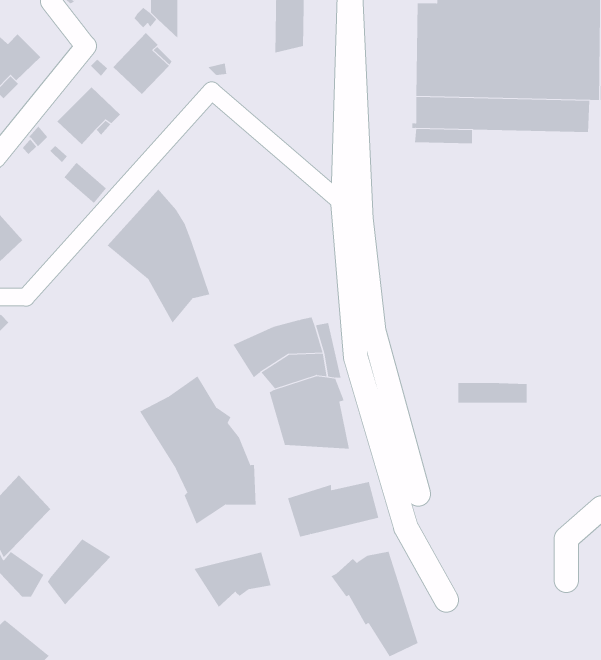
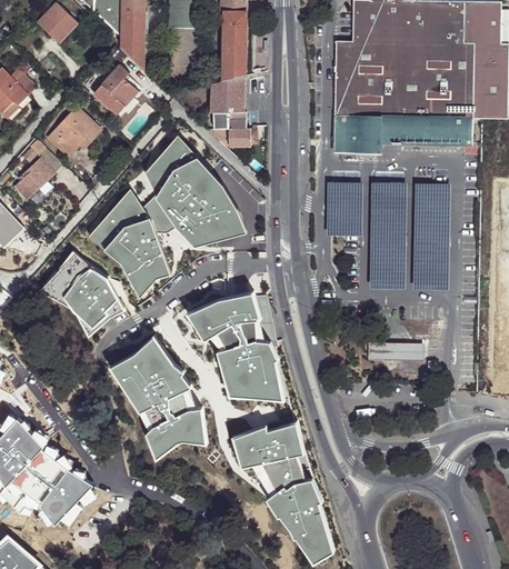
building: none -> [206,77,257,147]
building: none -> [143,136,246,246]
building: none -> [14,159,52,200]
building: none -> [326,184,361,238]
building: none -> [369,184,406,291]
building: none -> [412,186,449,292]
building: none -> [39,251,124,338]
building: none -> [11,448,68,500]
building: [193,552,272,608] -> [250,452,312,497]

